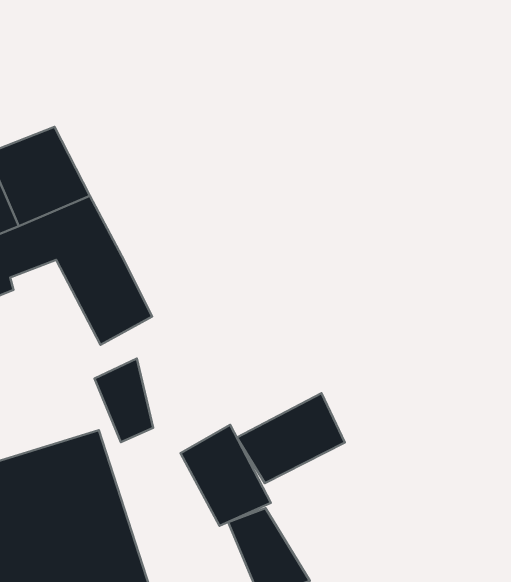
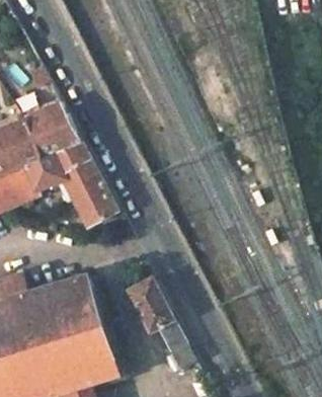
building: [95,358,153,442] -> none
building: [237,393,345,483] -> none

